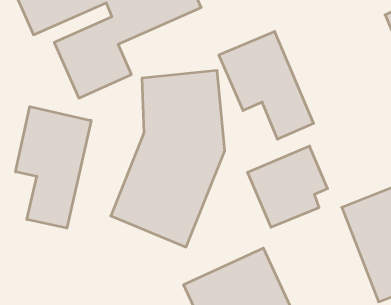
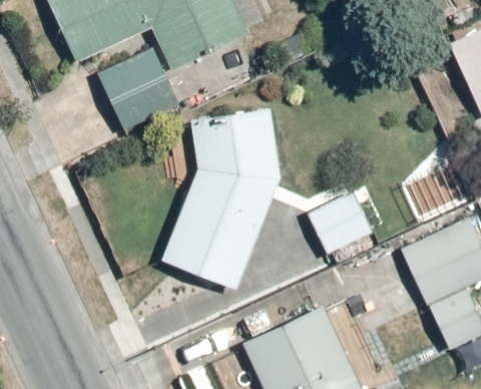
building: [219,31,314,139] -> none
building: [16,107,91,228] -> none

